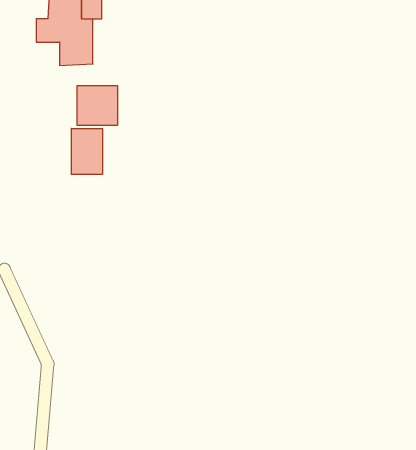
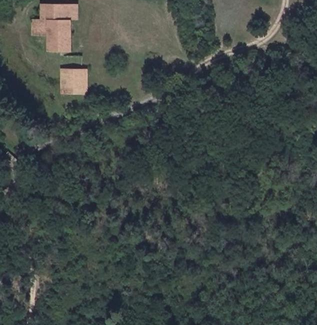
building: [71,128,102,174] -> none

